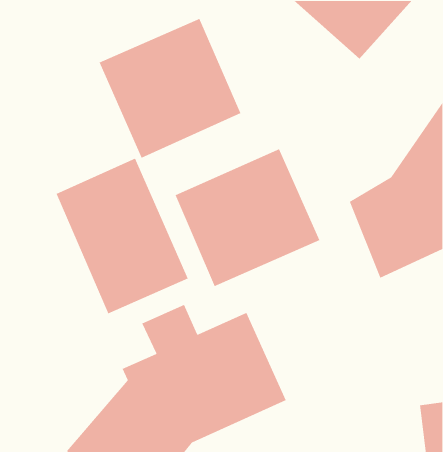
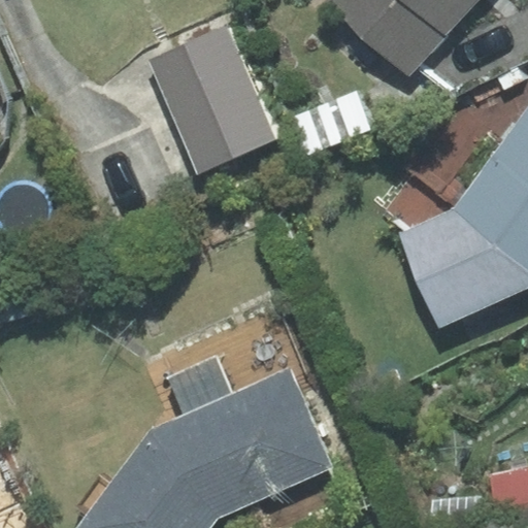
building: [175,148,321,287] -> none
building: [56,158,189,314] -> none

